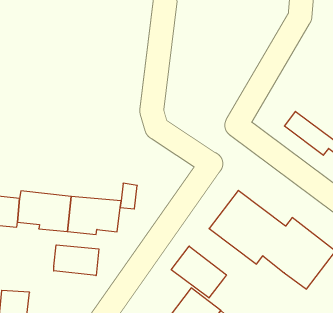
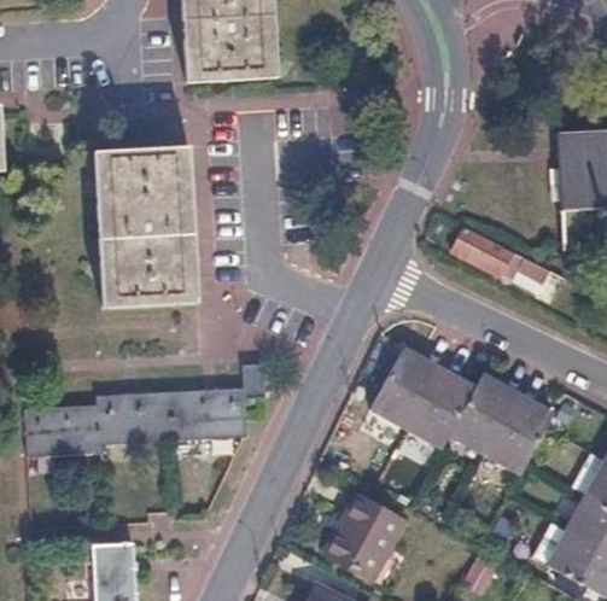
building: none -> [92,145,194,308]
building: [54,245,99,276] -> none
building: [171,246,226,298] -> none

